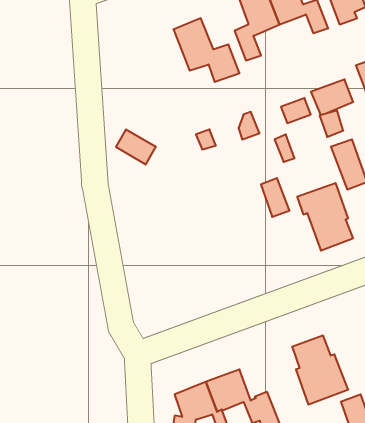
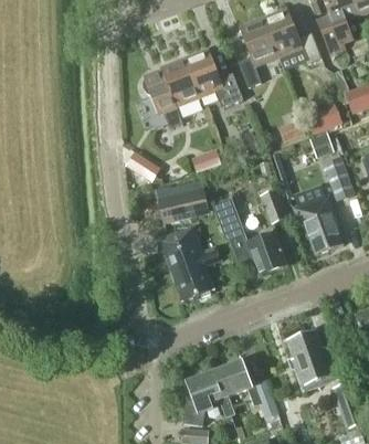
building: none -> [143,59,198,126]
building: none -> [154,179,208,223]
building: none -> [212,197,286,274]
building: none -> [155,225,218,298]

